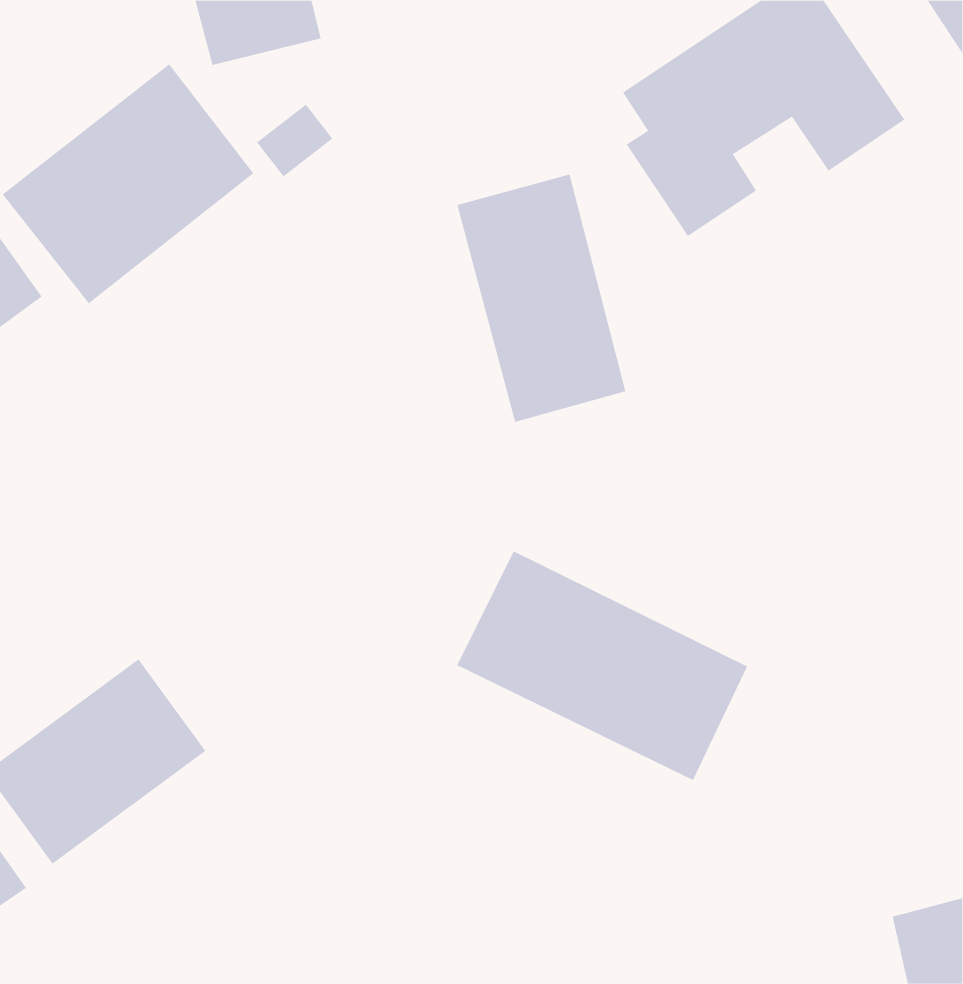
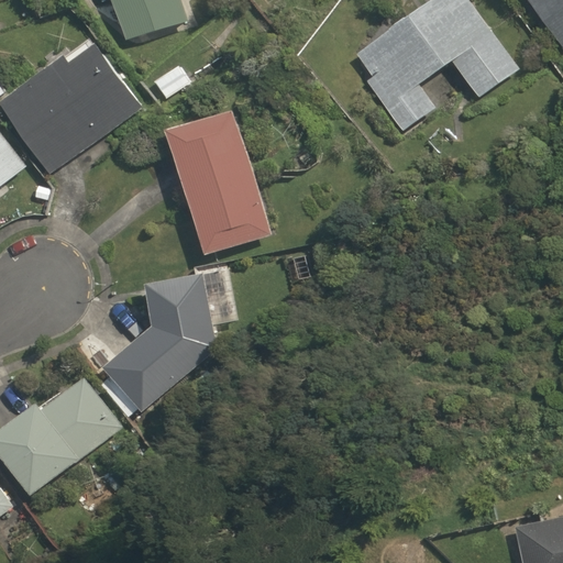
building: [457,174,626,422] -> [169,115,266,257]
building: none -> [99,271,233,416]
building: [456,551,748,781] -> none

